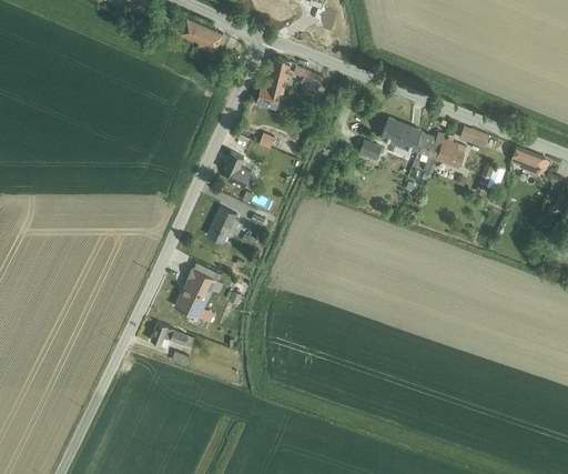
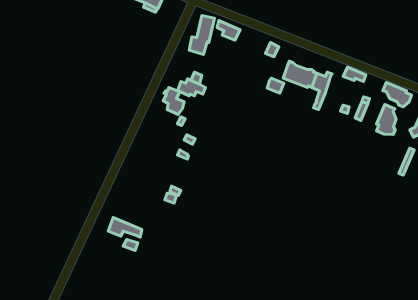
building: [435,138,464,168] -> none
building: none -> [376,104,396,134]
building: [206,206,237,243] -> none
building: [173,262,221,322] -> none

